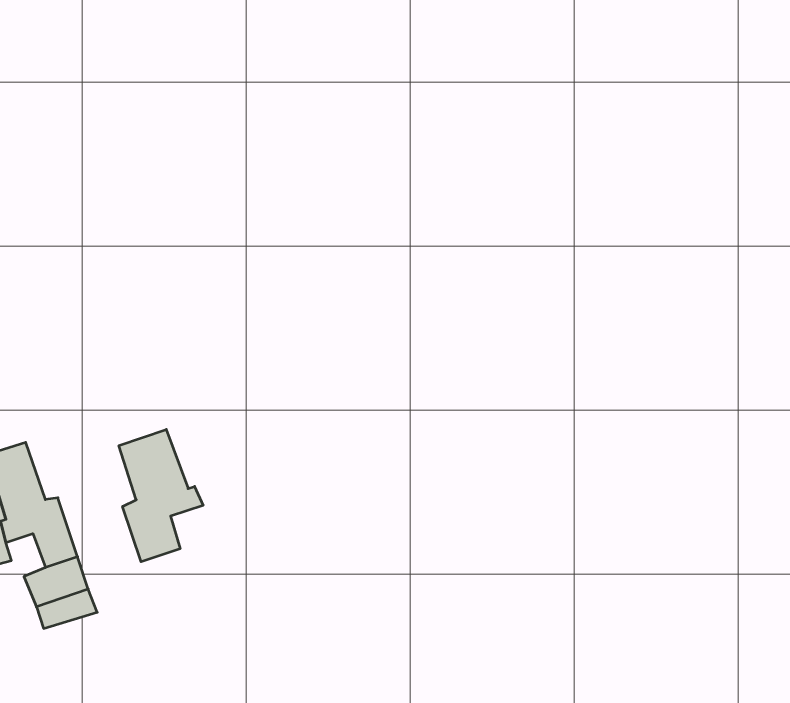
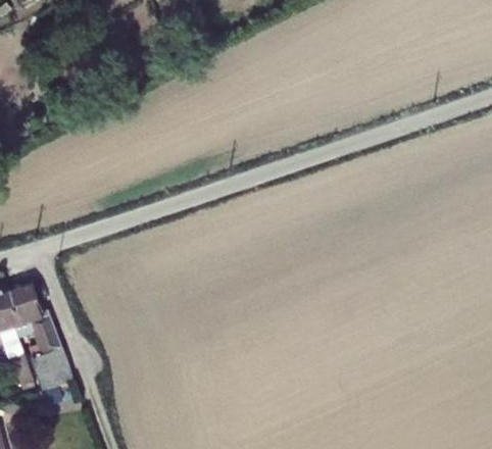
building: [119,429,203,562] -> none

